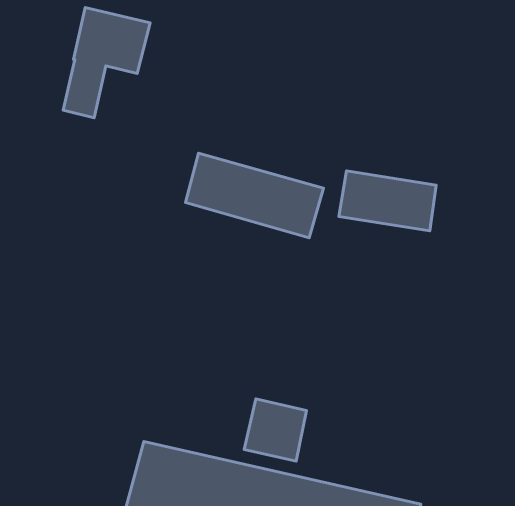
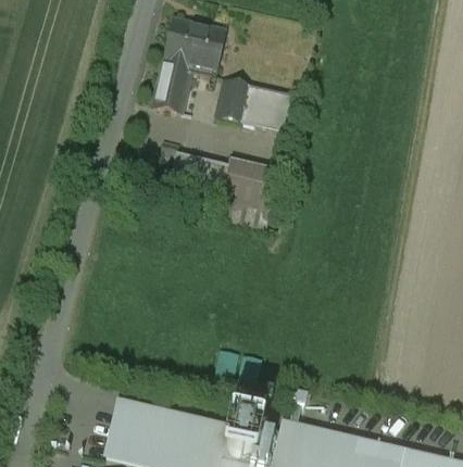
building: [63,7,150,118] -> [153,26,226,118]
building: [339,171,436,231] -> [214,85,296,135]

